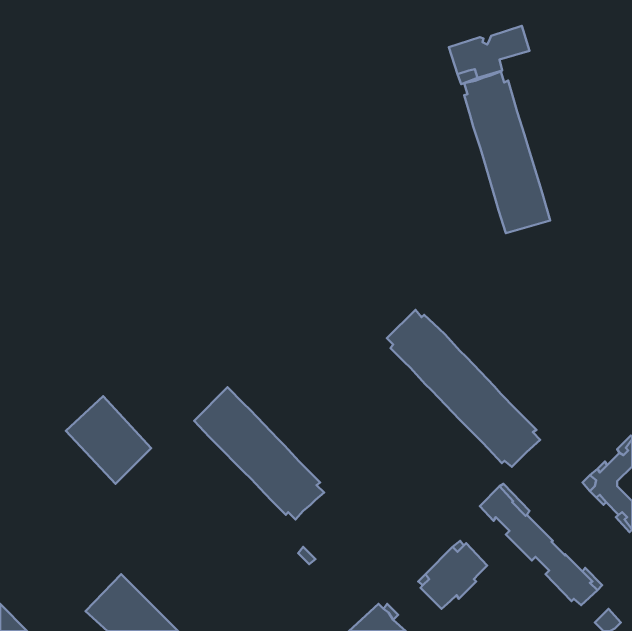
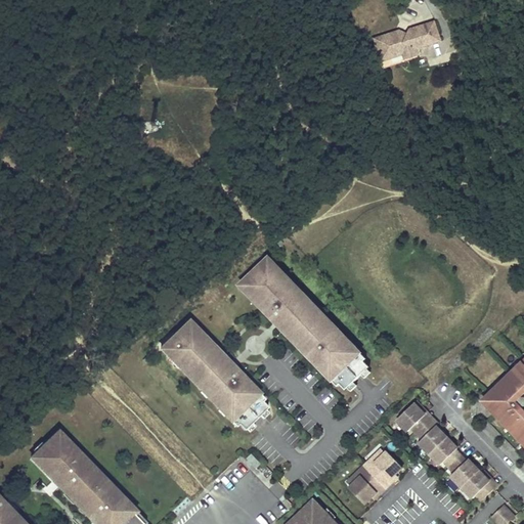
building: [464,71,550,233] -> none
building: [387,310,540,467] -> [243,259,369,389]
building: [66,396,151,484] -> [29,431,99,504]

